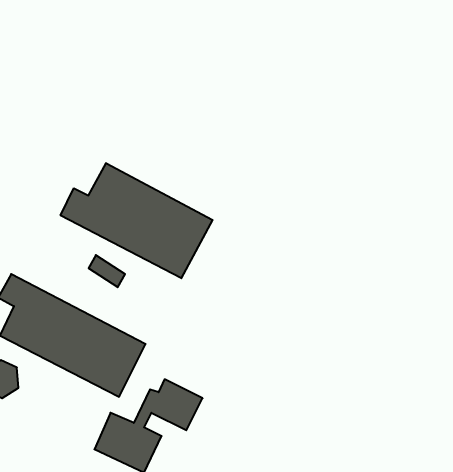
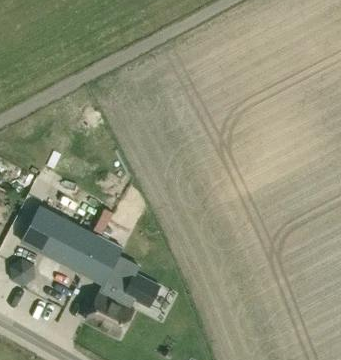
building: [61,163,213,278] -> none

